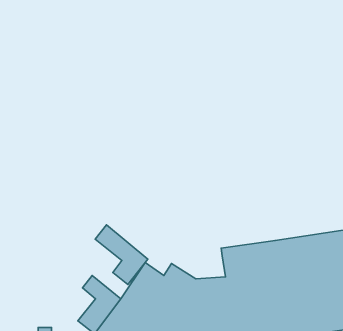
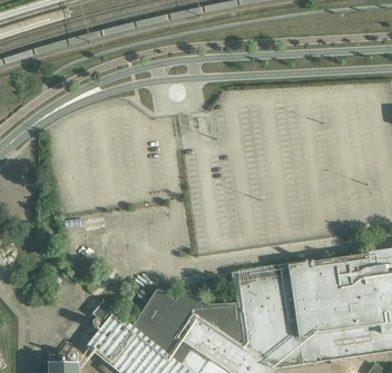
building: [95,225,148,284] -> none

